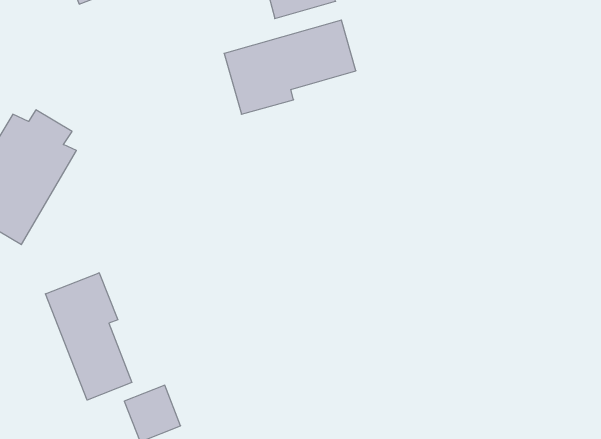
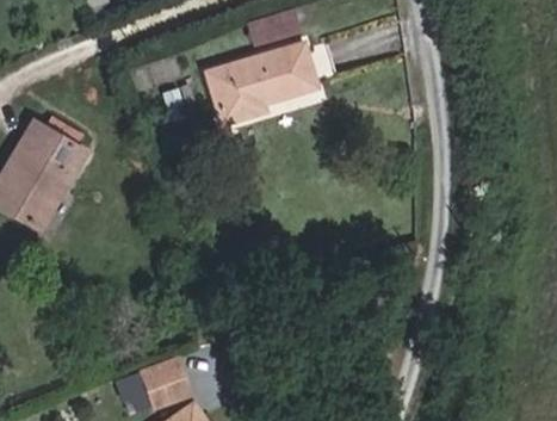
building: [45,273,132,400] -> none

